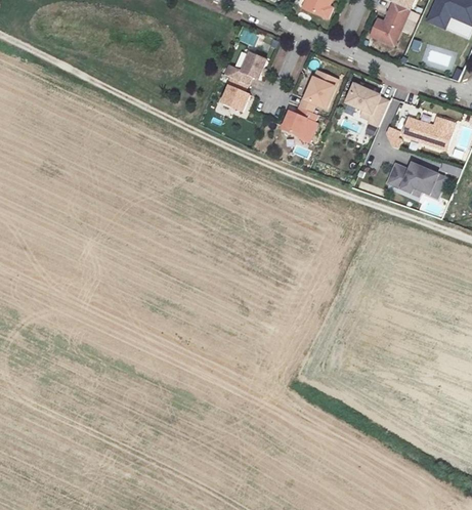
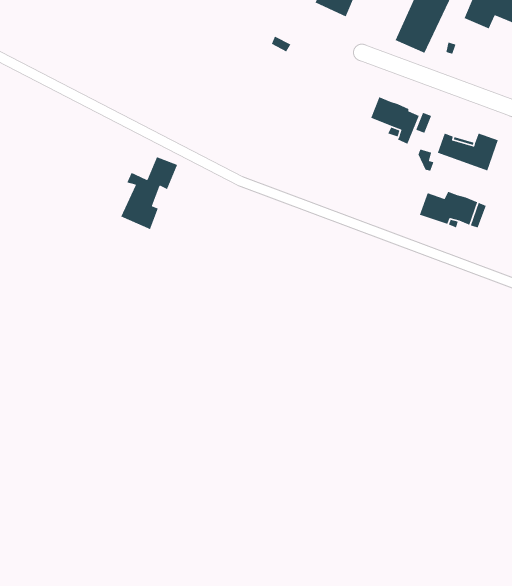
building: [219,50,268,113] -> [120,156,178,230]
building: [280,68,340,142] -> none

